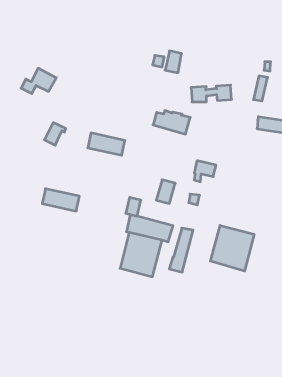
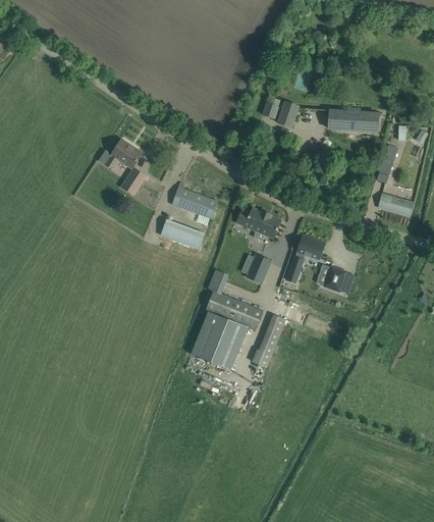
building: [21,68,56,94] -> [98,139,142,168]
building: [191,85,232,102] -> [328,110,377,130]
building: [153,111,190,134] -> [235,207,281,239]
building: none -> [323,265,346,293]
building: [42,189,79,211] -> [159,218,205,250]
building: [210,225,254,271] -> none

